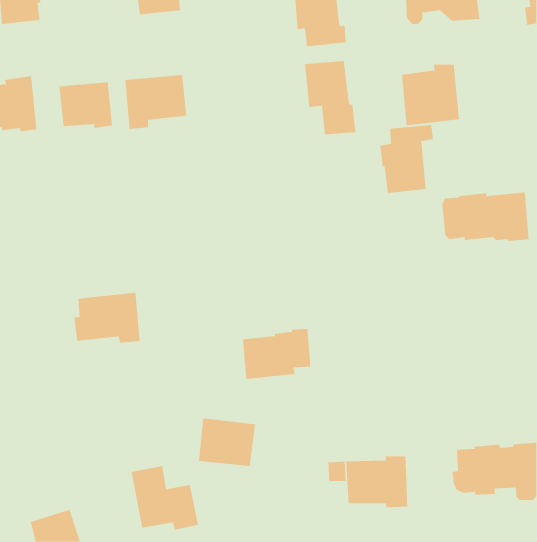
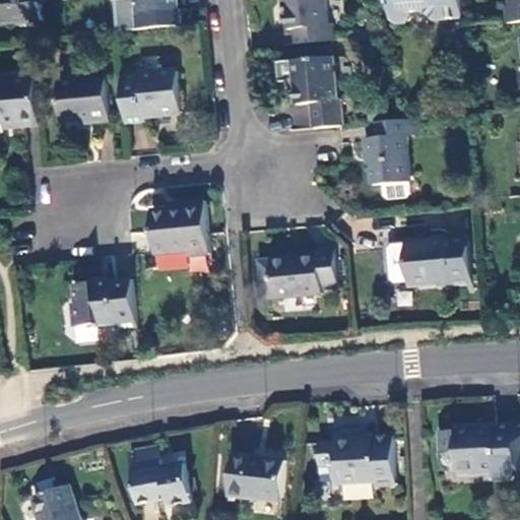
building: [401,64,460,126] -> none
building: [441,192,530,242] -> [385,239,469,286]
building: none -> [150,201,207,255]
building: [242,328,311,379] -> [268,250,334,299]
building: [198,418,256,467] -> [226,455,281,502]

